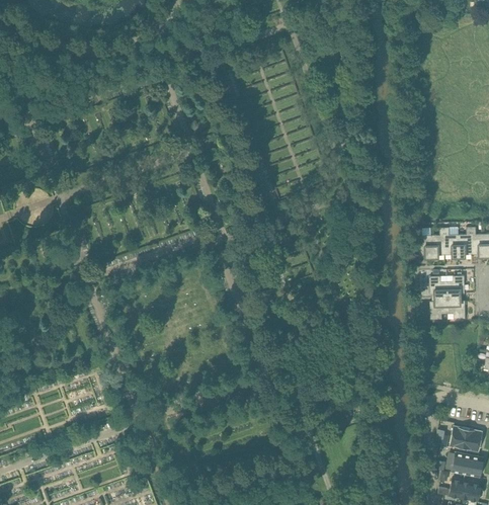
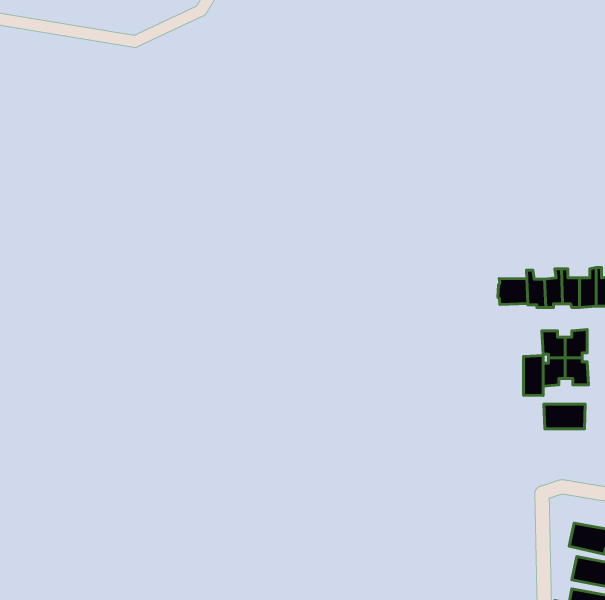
building: none -> [498,278,528,304]
building: none -> [523,355,543,395]
building: none -> [544,404,585,429]

